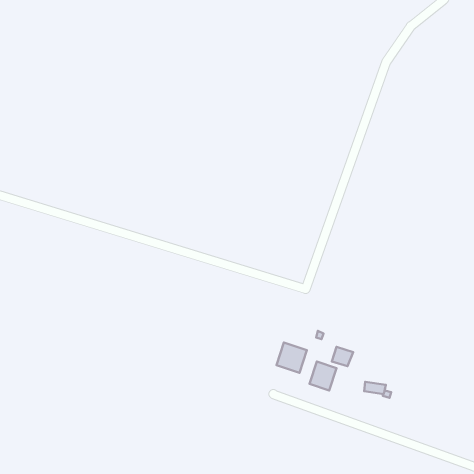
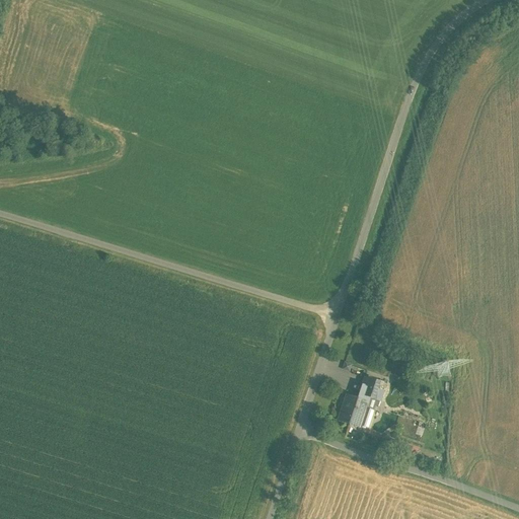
building: [276,343,307,373] -> none

